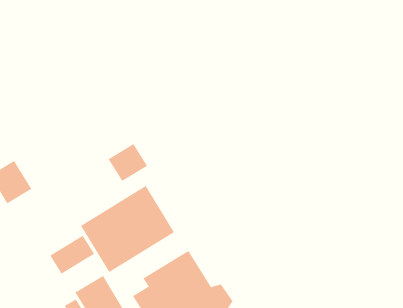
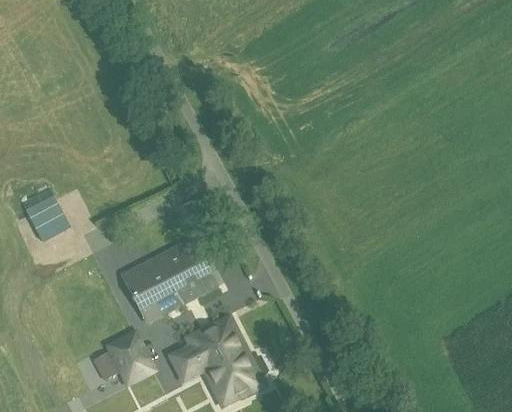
building: [108,143,148,182] -> none
building: [50,235,95,275] -> none

